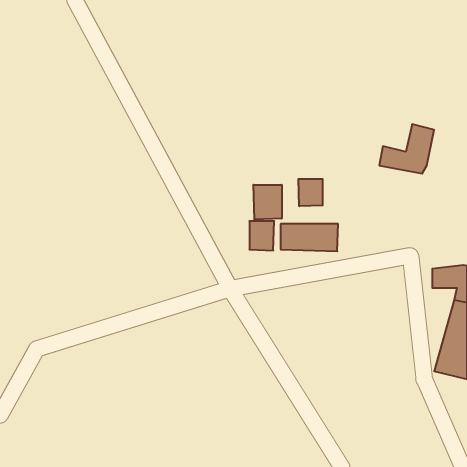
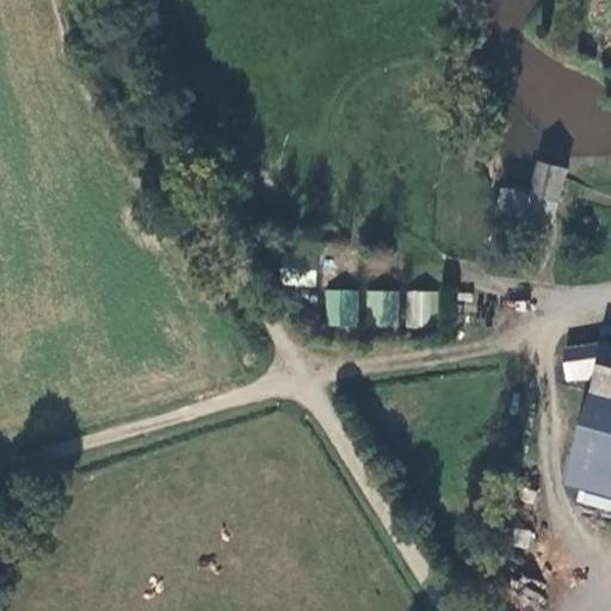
building: [298,179,323,206] -> none
building: [253,185,282,220] -> none

